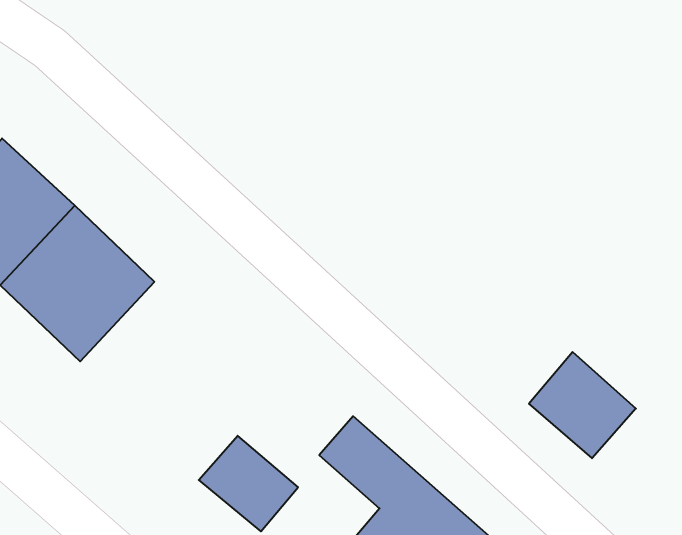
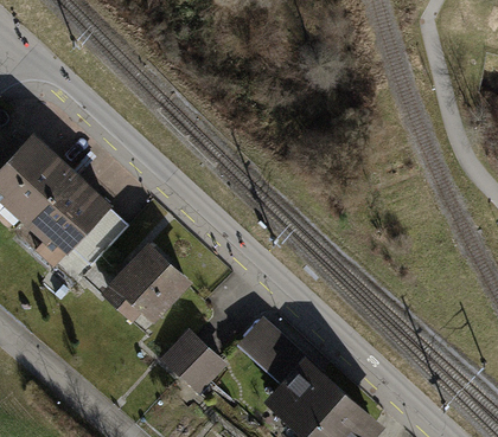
building: none -> [102,245,189,330]
building: [529,352,636,458] -> none

